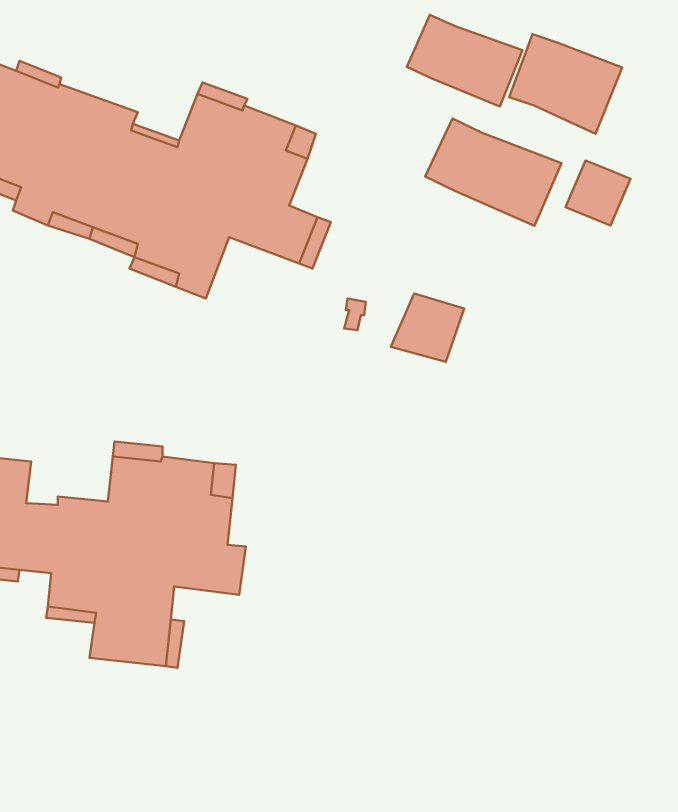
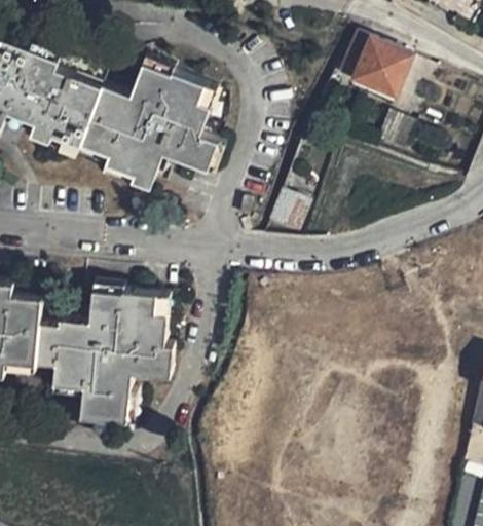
building: [407,15,522,106] -> none
building: [425,118,561,226] -> none

